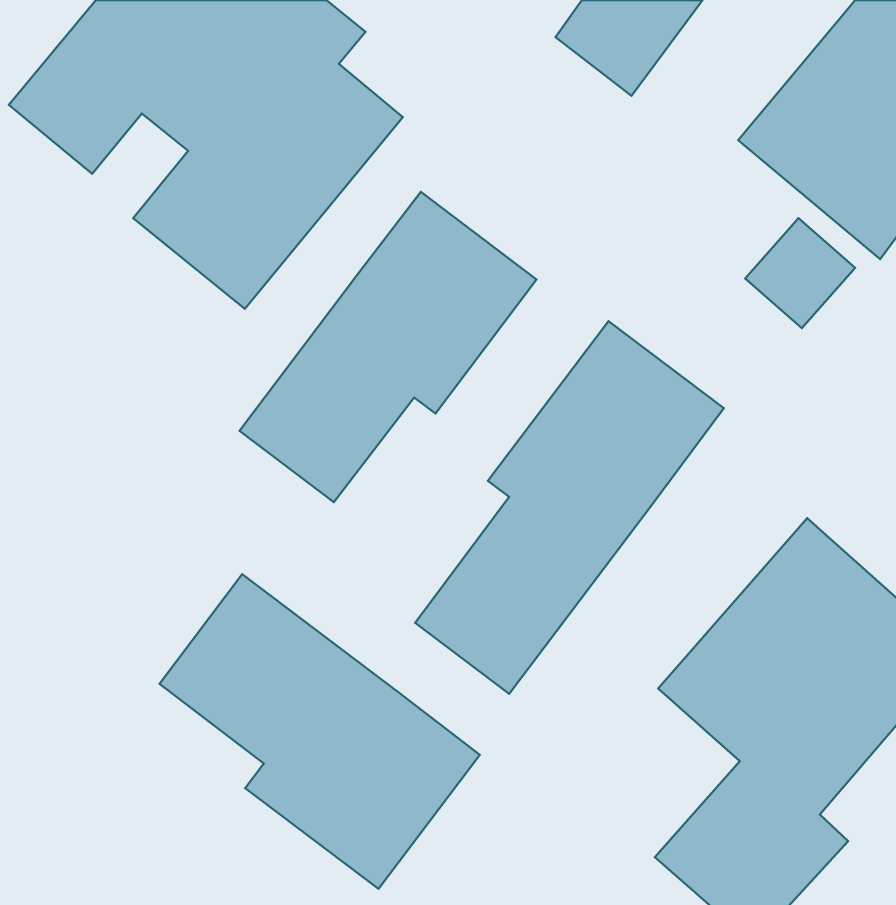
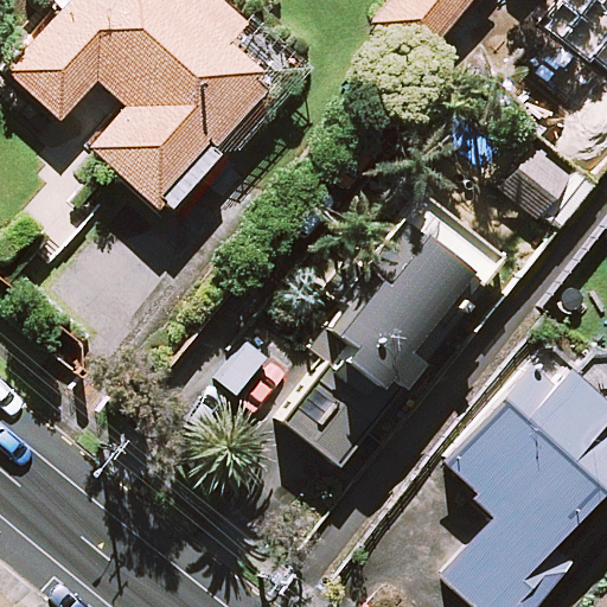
building: [239,192,536,502] -> none
building: [160,574,480,889] -> none

